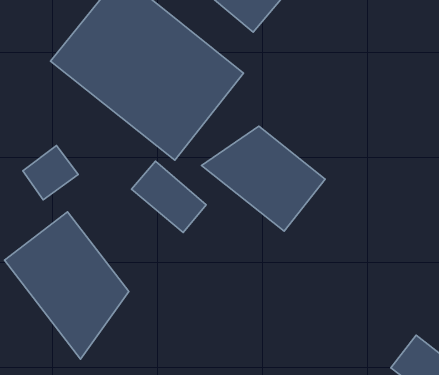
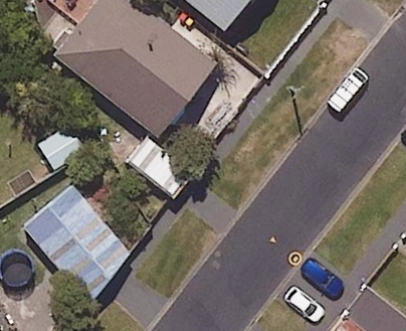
building: [201,126,325,231] -> none

